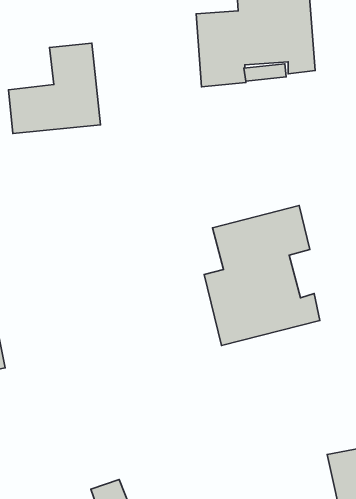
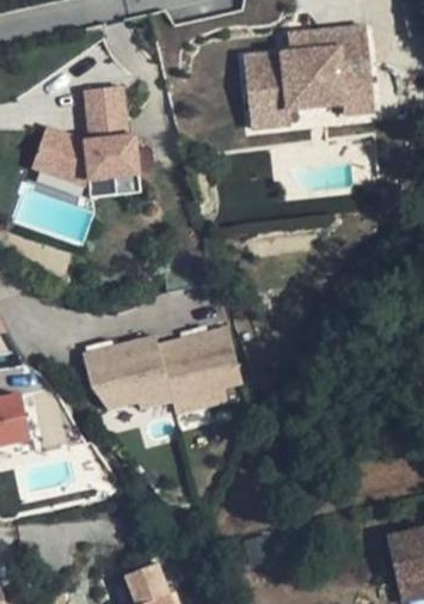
building: [204,205,320,346] -> none
building: none -> [84,321,241,417]

